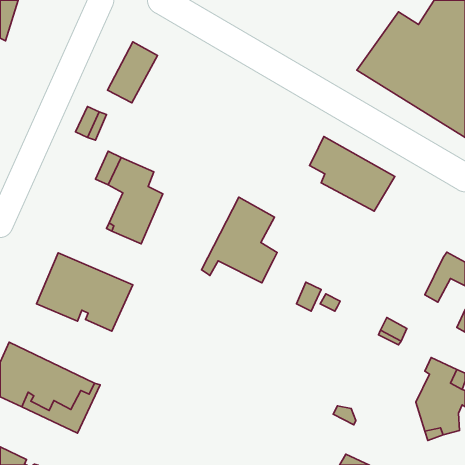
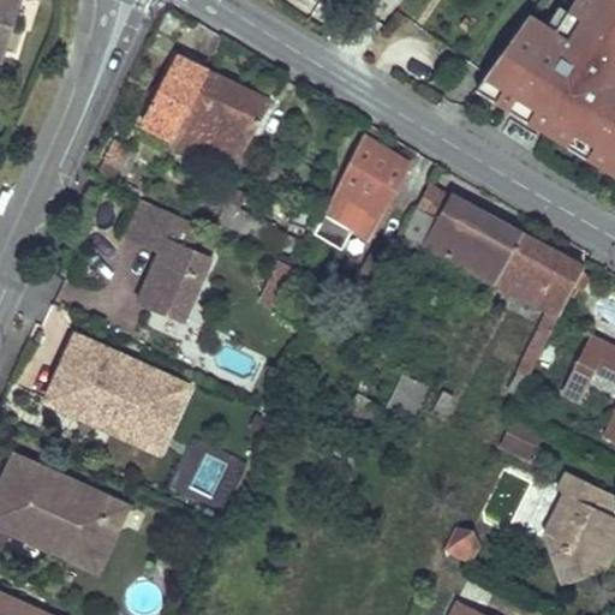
building: none -> [171,73,268,166]
building: none -> [494,233,584,393]
building: [202,197,277,283] -> [314,136,413,249]
building: none -> [102,376,193,452]

